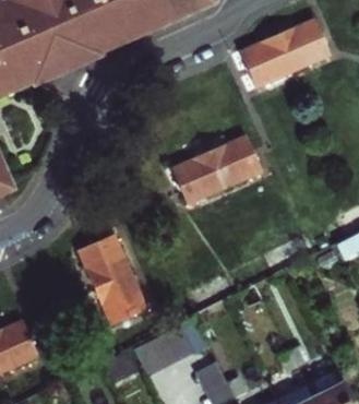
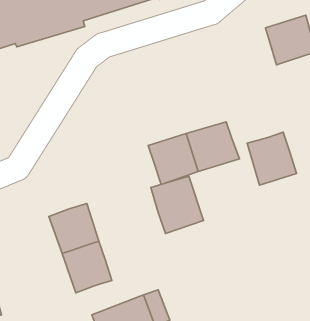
building: [241,37,291,88] -> none
building: none -> [247,132,296,185]
building: none -> [151,176,203,234]

